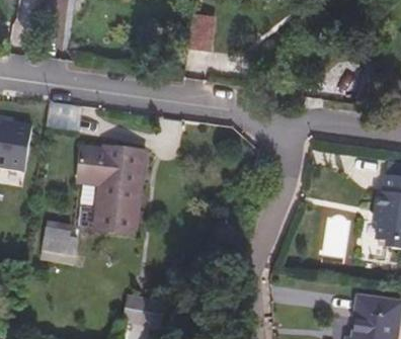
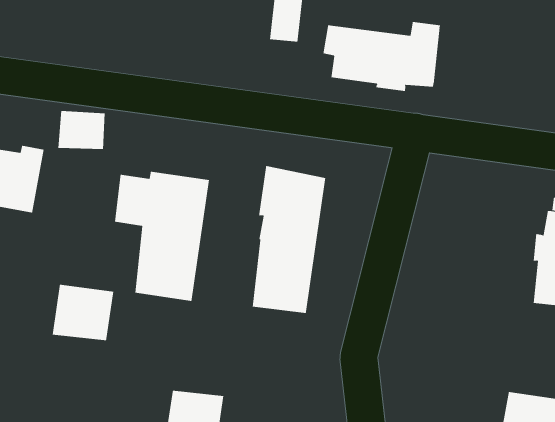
building: none -> [323,21,441,92]
building: none -> [252,165,326,314]

